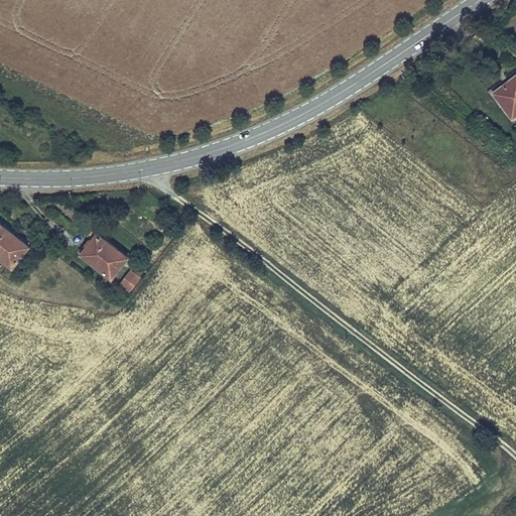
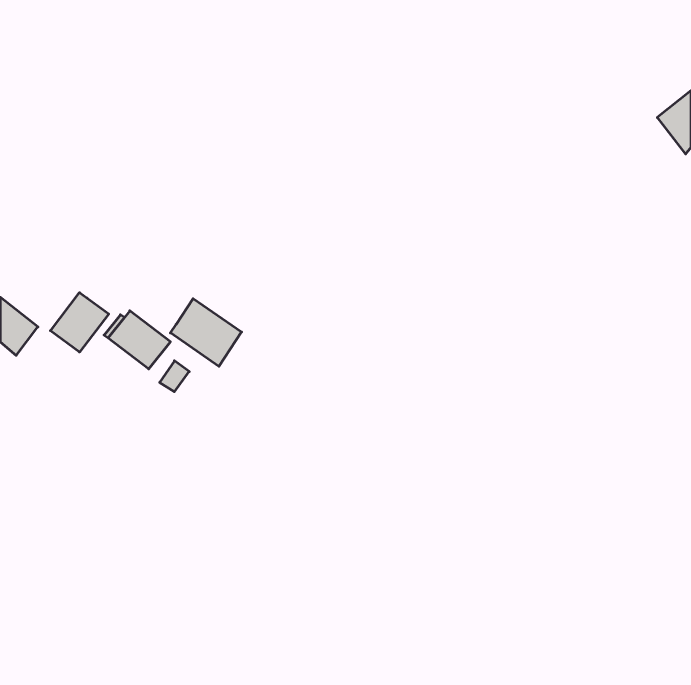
building: none -> [50,293,109,352]
building: none -> [170,299,242,366]

